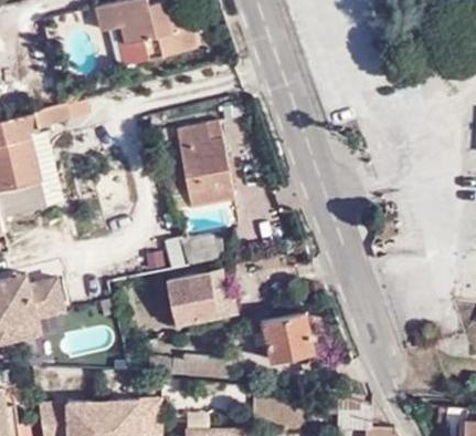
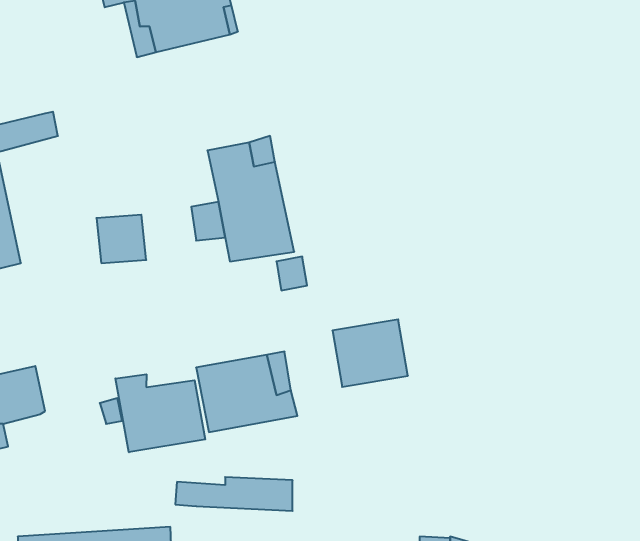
building: [177,236,221,267] -> none
building: none -> [115,374,205,452]
building: [261,314,313,361] -> [332,319,408,387]

